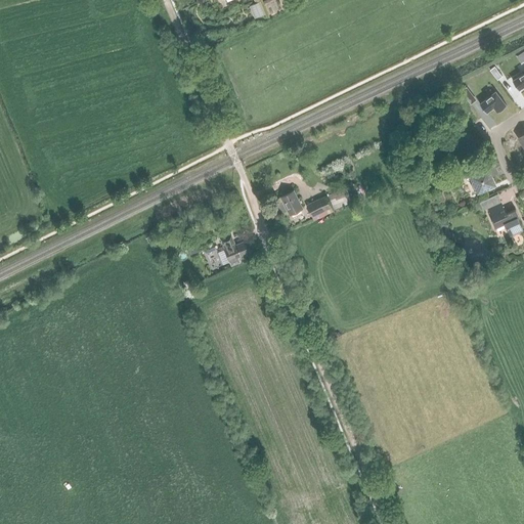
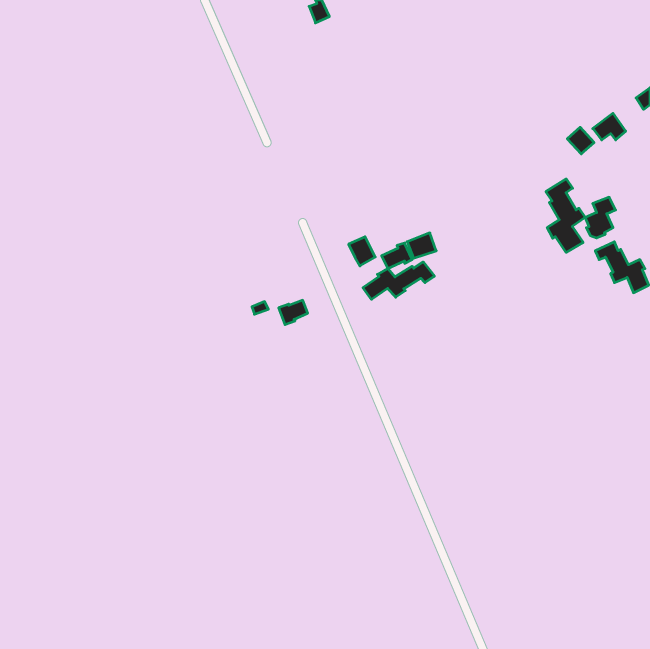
building: none -> [546,179,585,252]
building: none -> [363,262,434,299]

